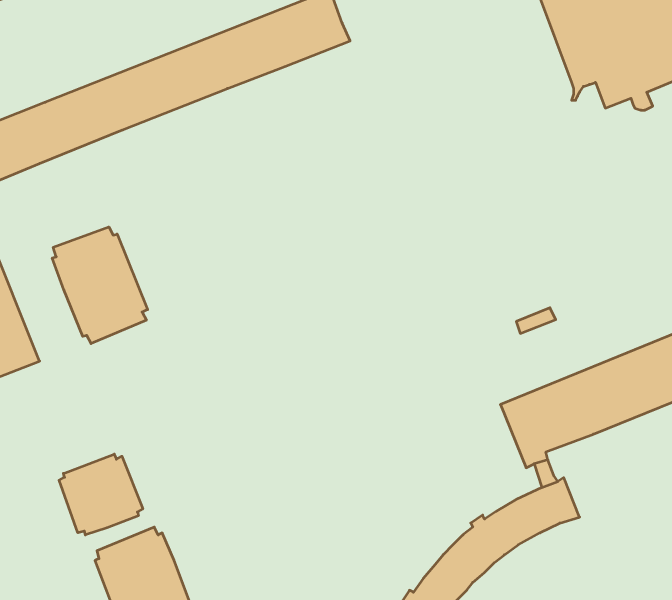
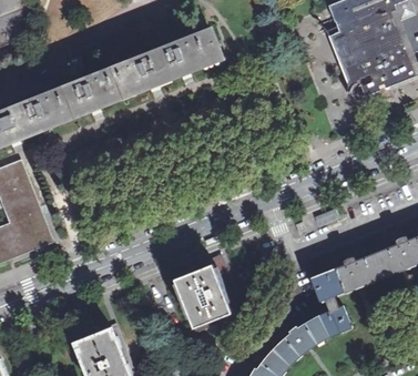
building: [52,227,148,344] -> none
building: none -> [174,255,228,322]
building: [59,454,143,535] -> none

